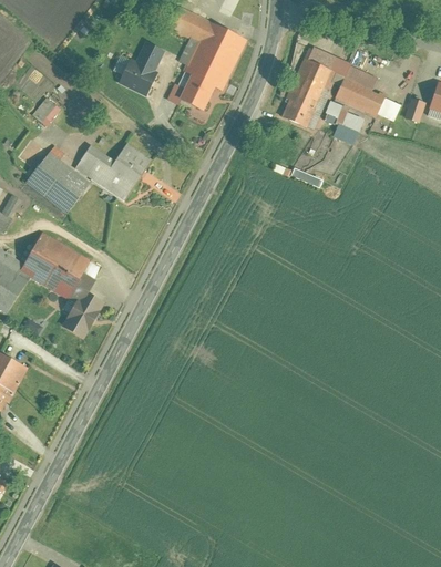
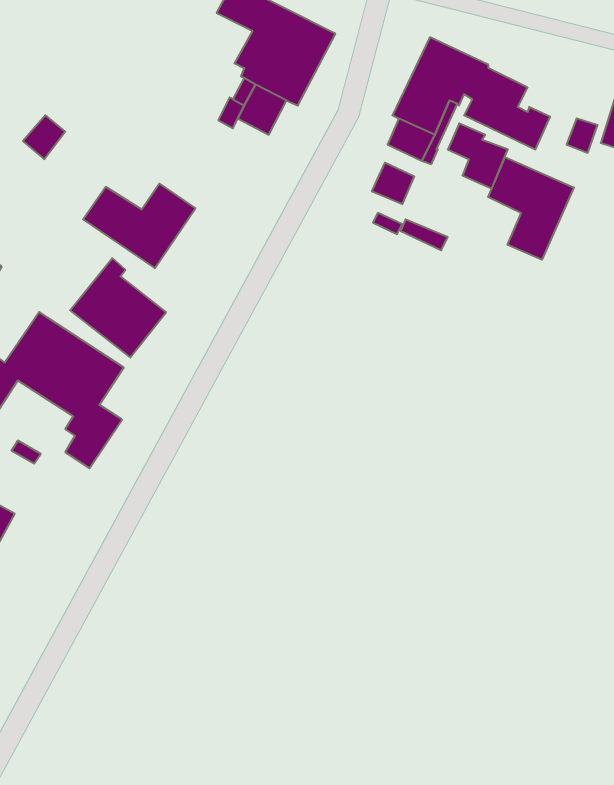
building: [119,42,162,95] -> none
building: none -> [488,157,574,260]
building: none -> [372,163,414,204]
building: [24,146,90,214] -> [70,258,166,358]

